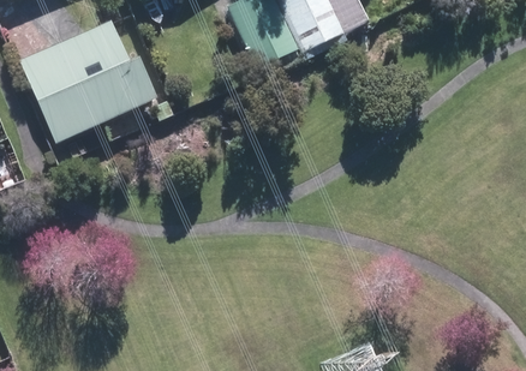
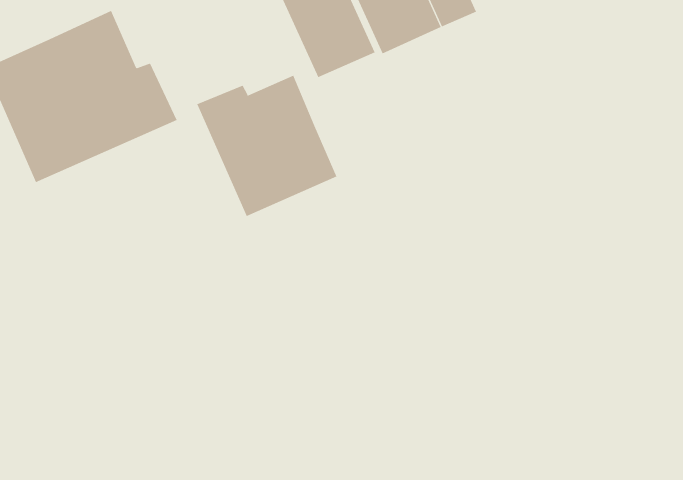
building: none -> [197,75,337,217]

